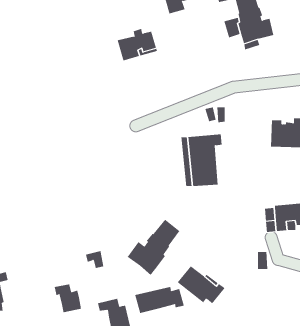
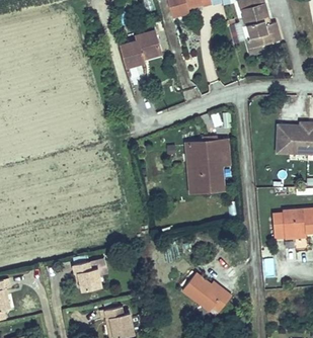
building: [127,219,180,276] -> none
building: [54,284,82,313] -> [72,261,100,290]
building: [135,286,184,314] -> none

